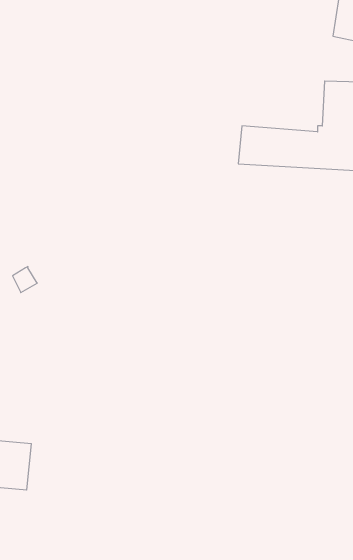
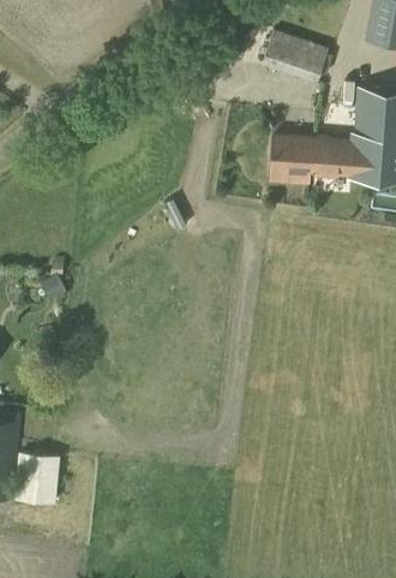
building: none -> [262,30,329,82]

